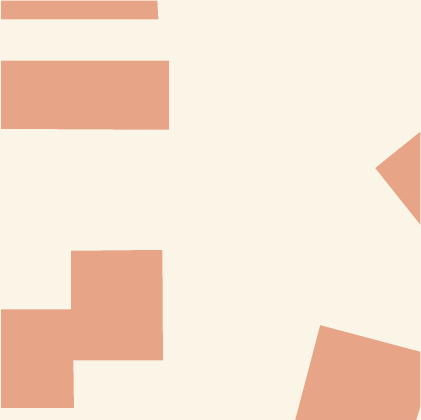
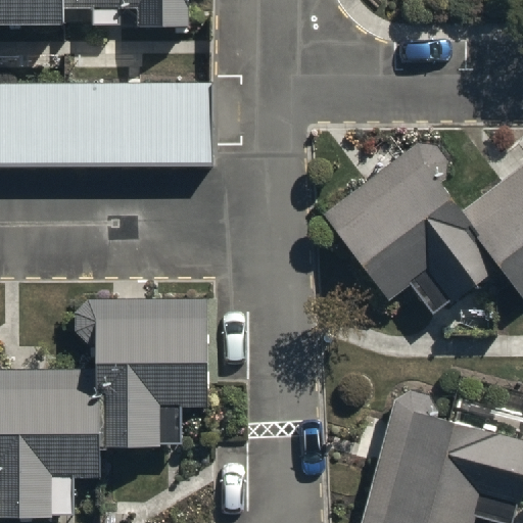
building: none -> [327,155,484,317]

